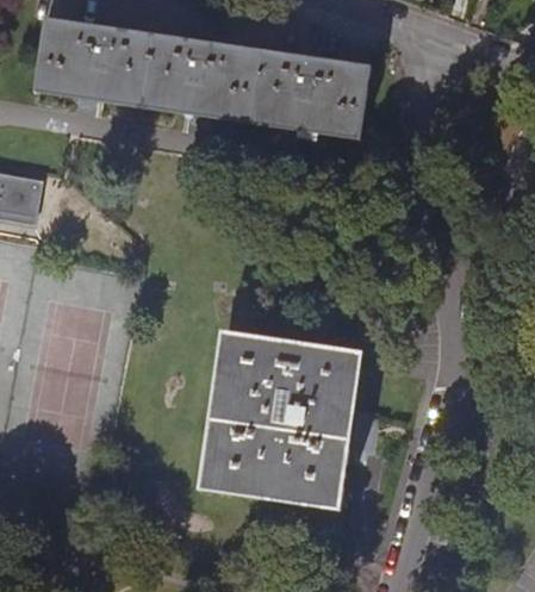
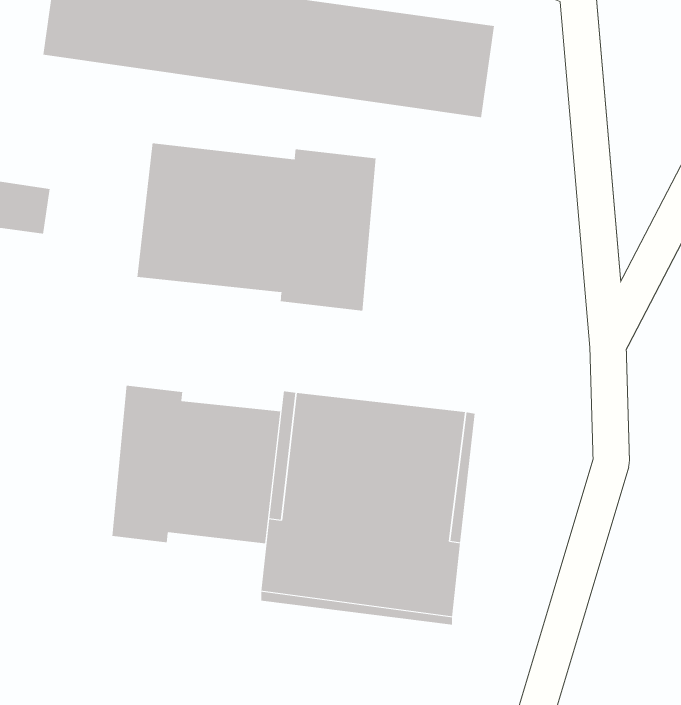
building: none -> [137,143,376,312]
building: none -> [112,385,281,544]

